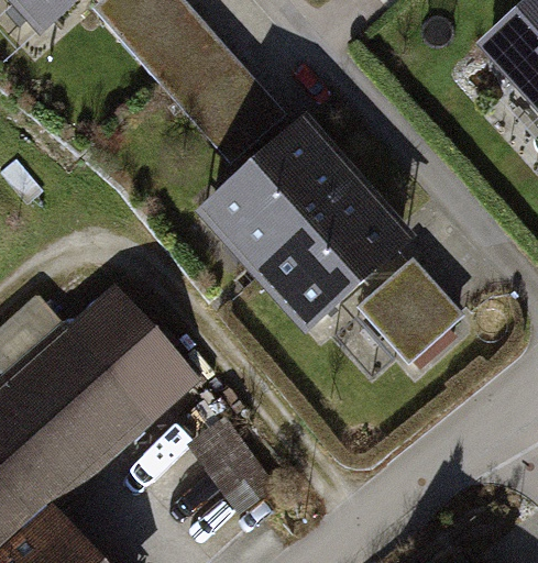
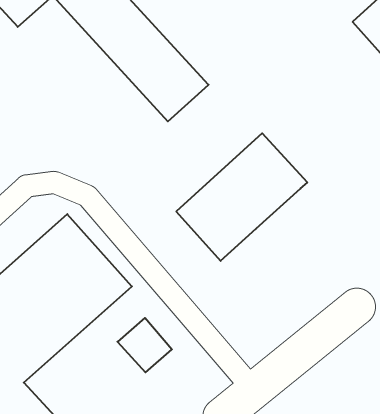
building: [191,114,365,285] -> none
building: [358,255,473,371] -> none

